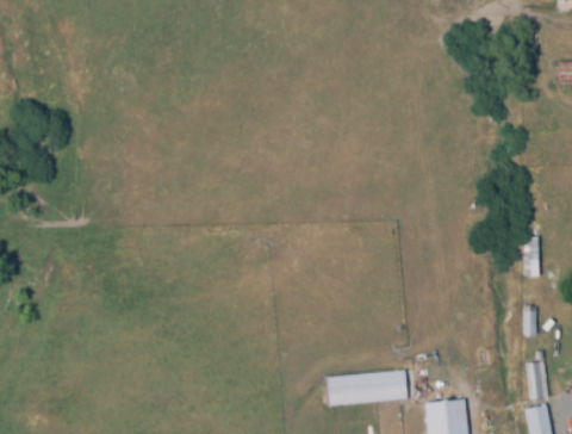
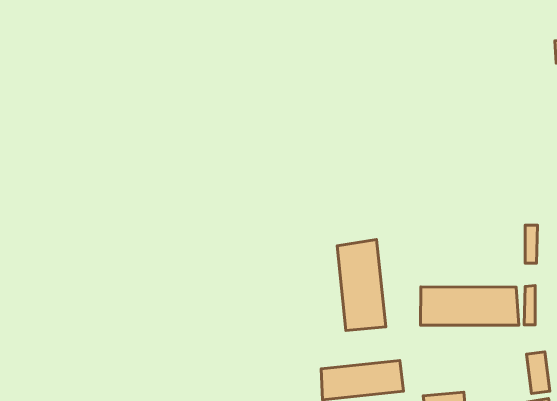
building: none -> [337,239,386,331]
building: none -> [420,287,519,325]

